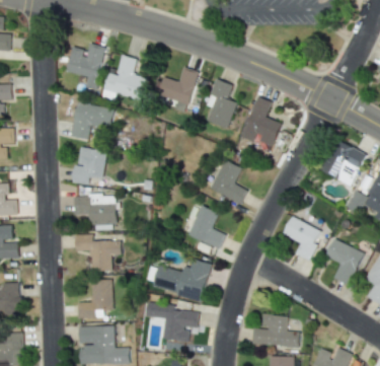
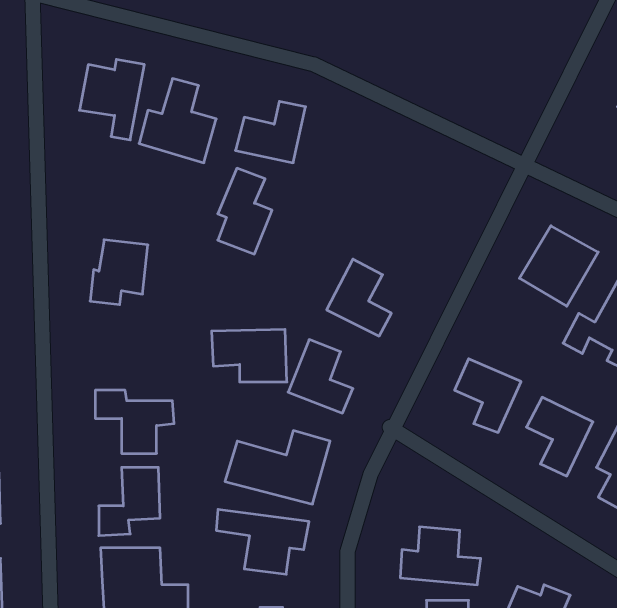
building: [206,79,237,129] -> [218,168,272,254]
building: [243,96,281,146] -> none
building: [71,102,113,140] -> none
building: [73,195,117,225] -> [212,329,287,382]

